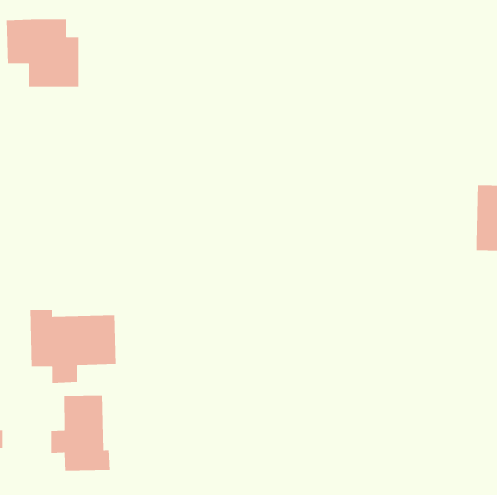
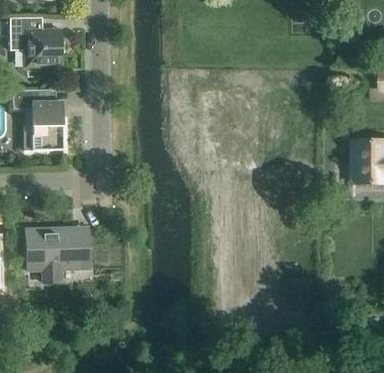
building: none -> [11,89,62,150]
building: [51,395,111,472] -> none

